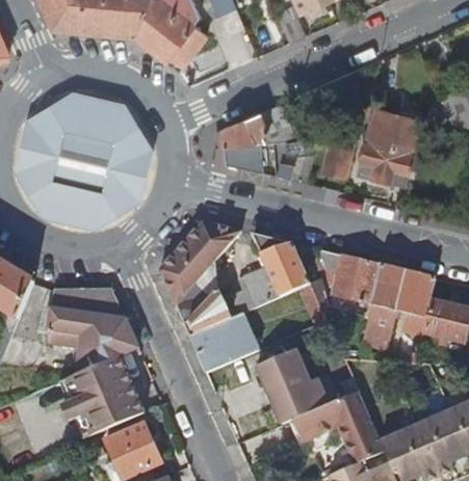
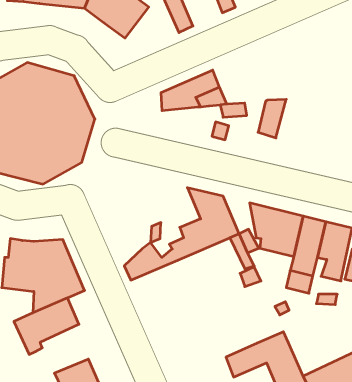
building: [364,111,426,187] -> none
building: [223,143,267,173] -> none
building: [159,221,239,319] -> none
building: [188,313,256,372] -> none
building: [255,349,328,425] -> none
building: [83,383,144,434] -> none

